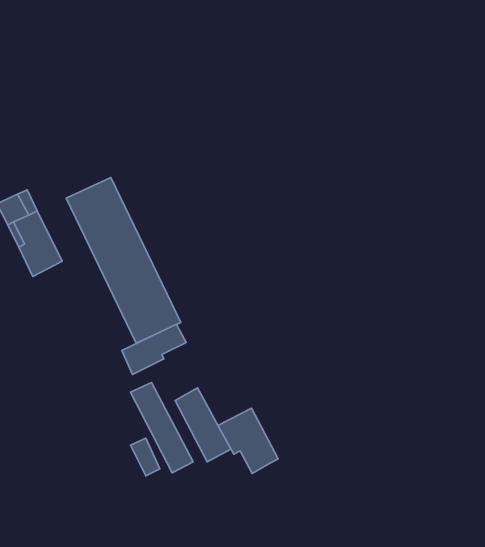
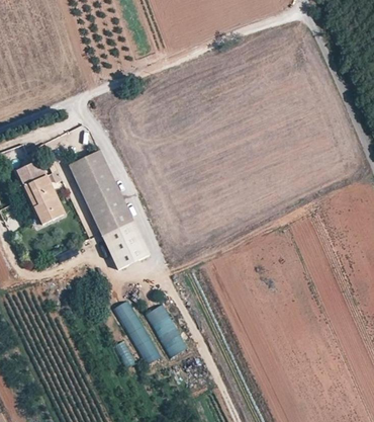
building: [122,324,186,374] -> none
building: [218,408,278,473] -> none

